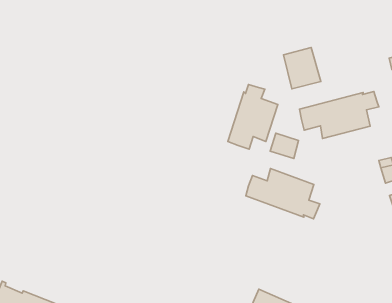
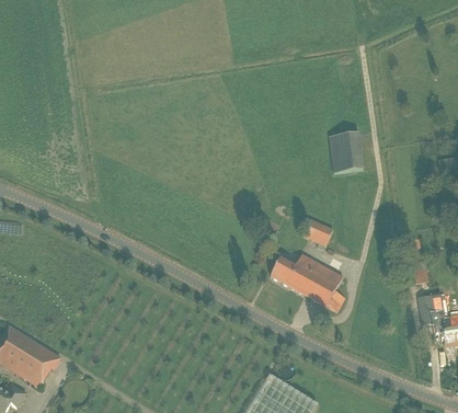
building: [228,85,278,149] -> none
building: [300,91,379,139] -> none

